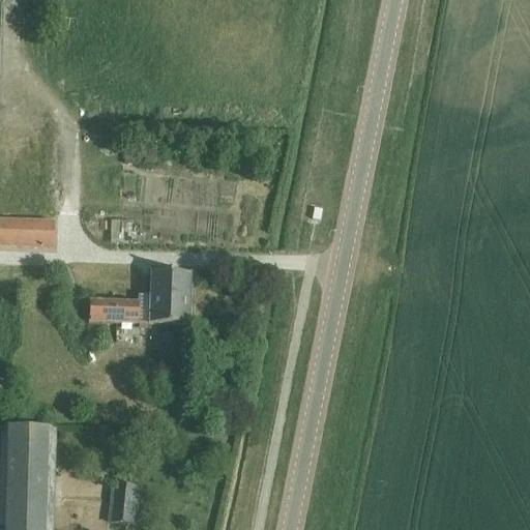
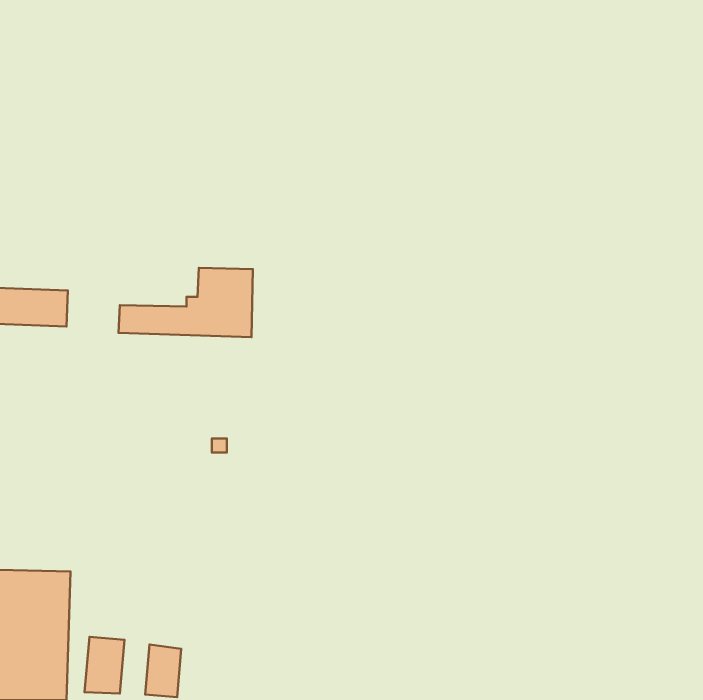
building: [87,270,187,322] -> [119,268,253,337]
building: none -> [85,637,125,694]

